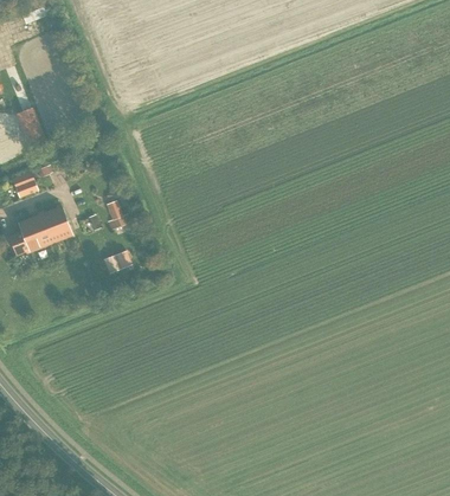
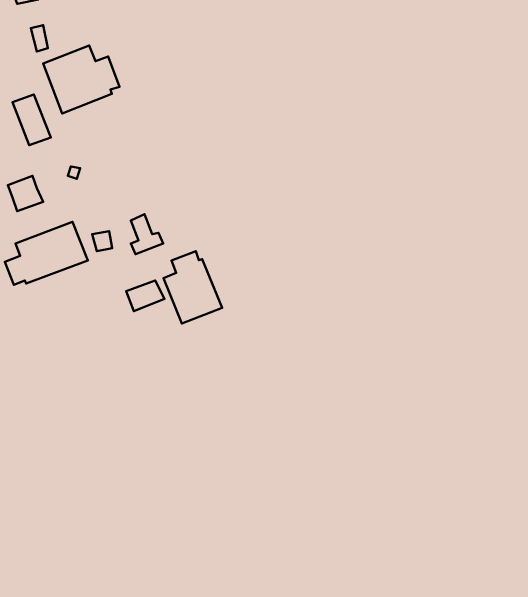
building: none -> [43,45,120,114]
building: none -> [164,251,222,323]

